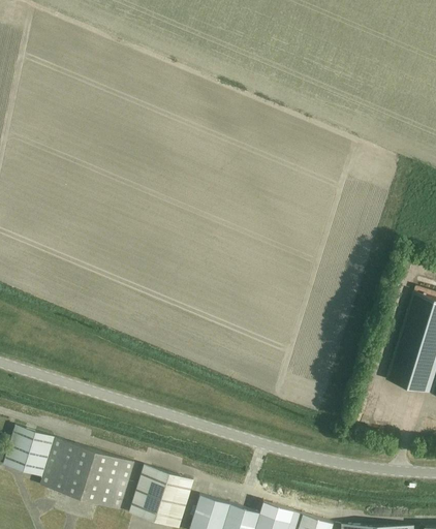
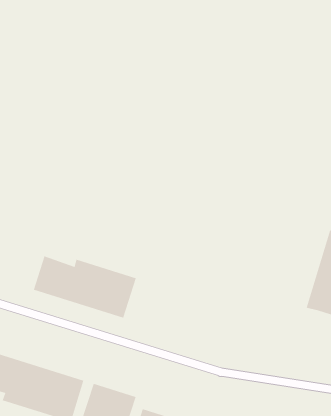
building: none -> [33,256,137,319]

